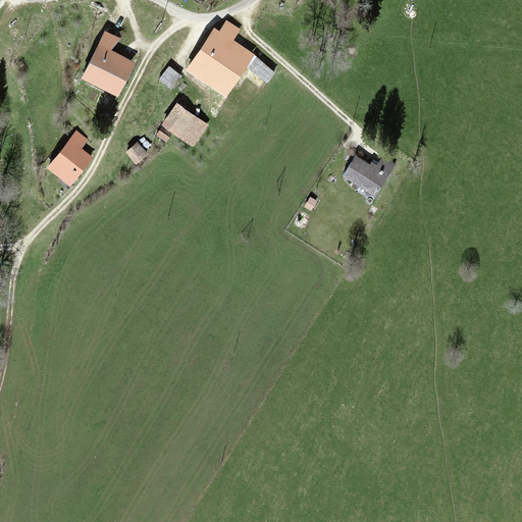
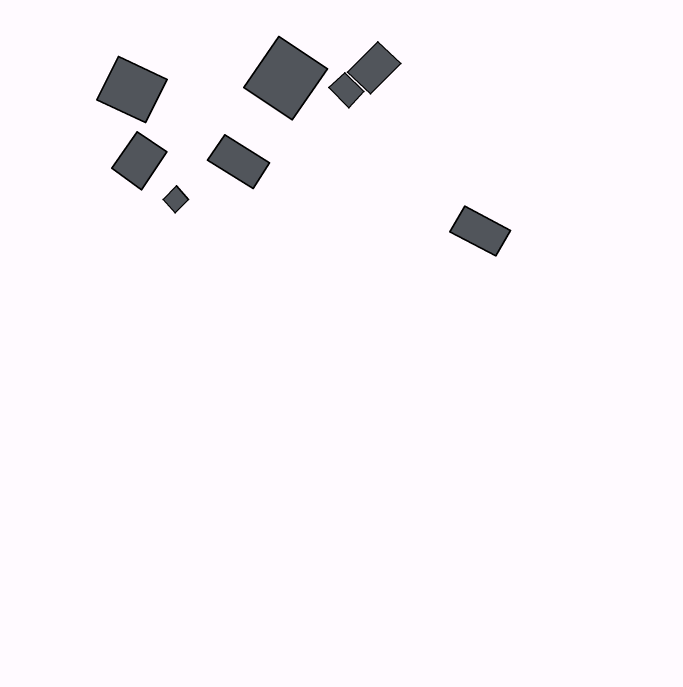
building: none -> [347,42,401,94]
building: [50,142,92,186] -> [112,132,167,190]

